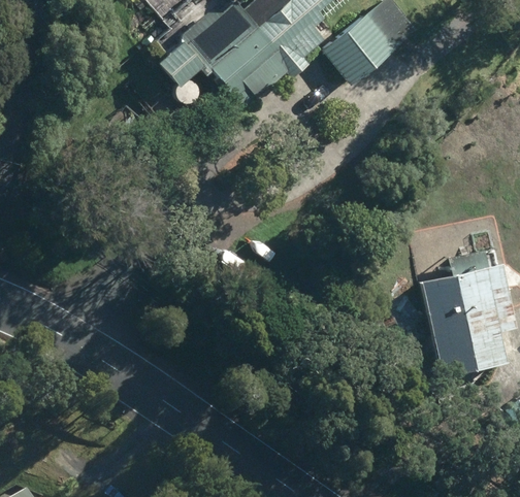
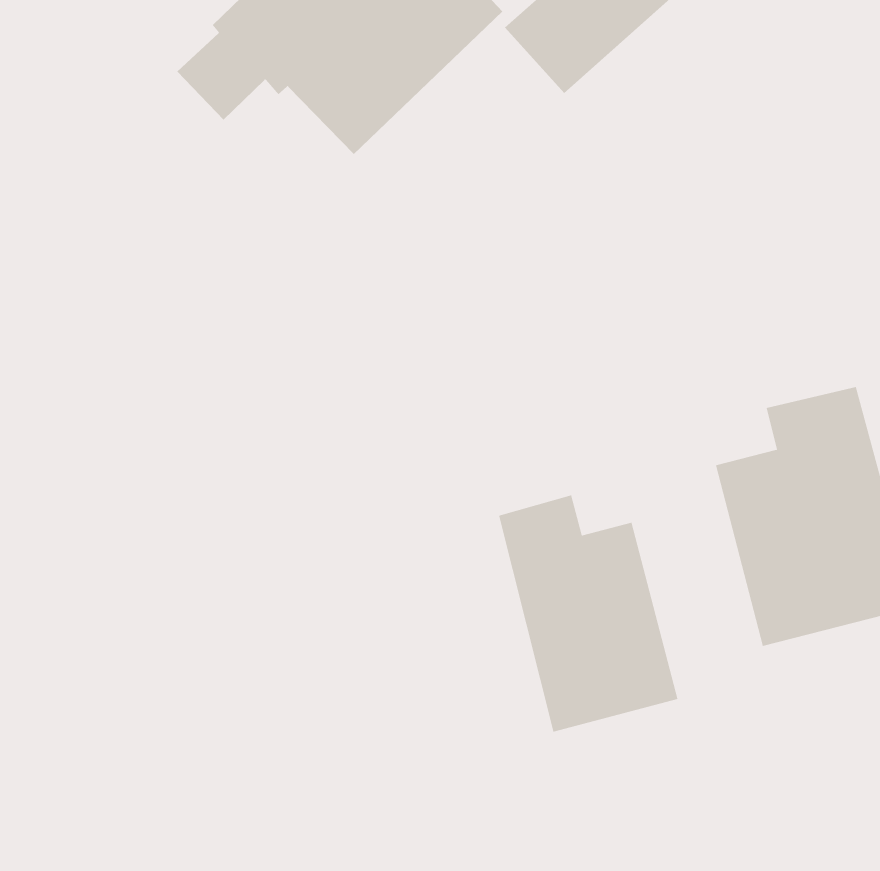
building: none -> [499,494,678,732]

